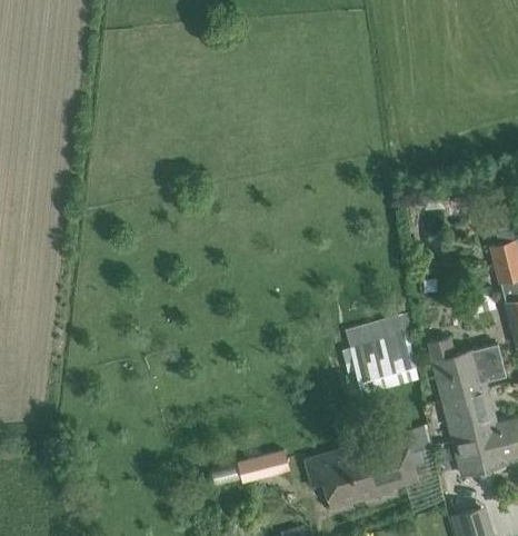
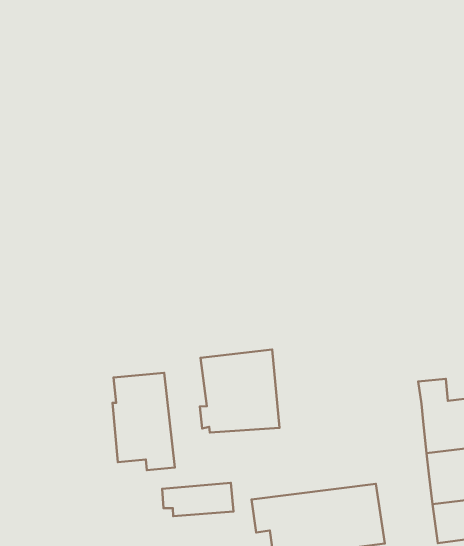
building: [346,316,419,391] -> [200,349,280,432]
building: none -> [113,373,175,470]

